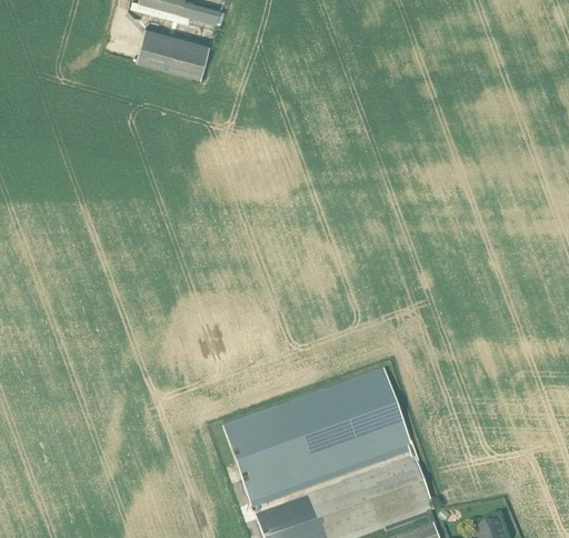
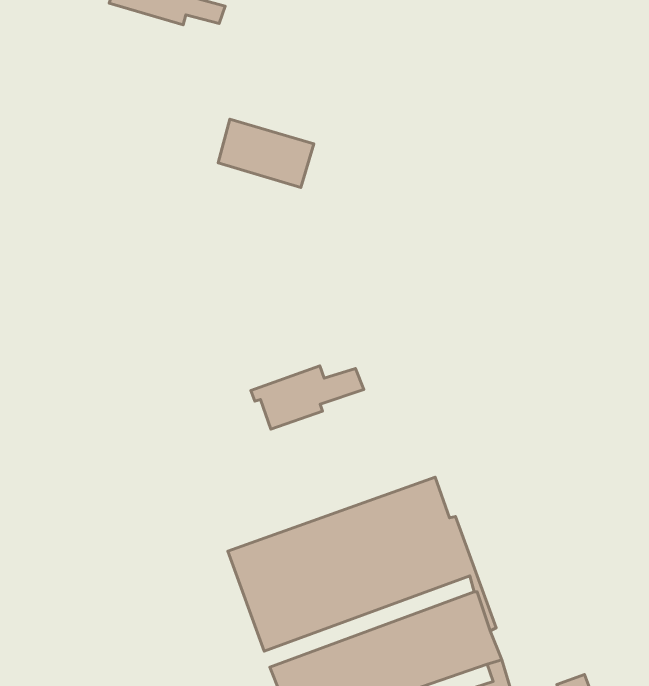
building: [137,27,210,79] -> [218,119,314,187]
building: none -> [251,366,364,429]

